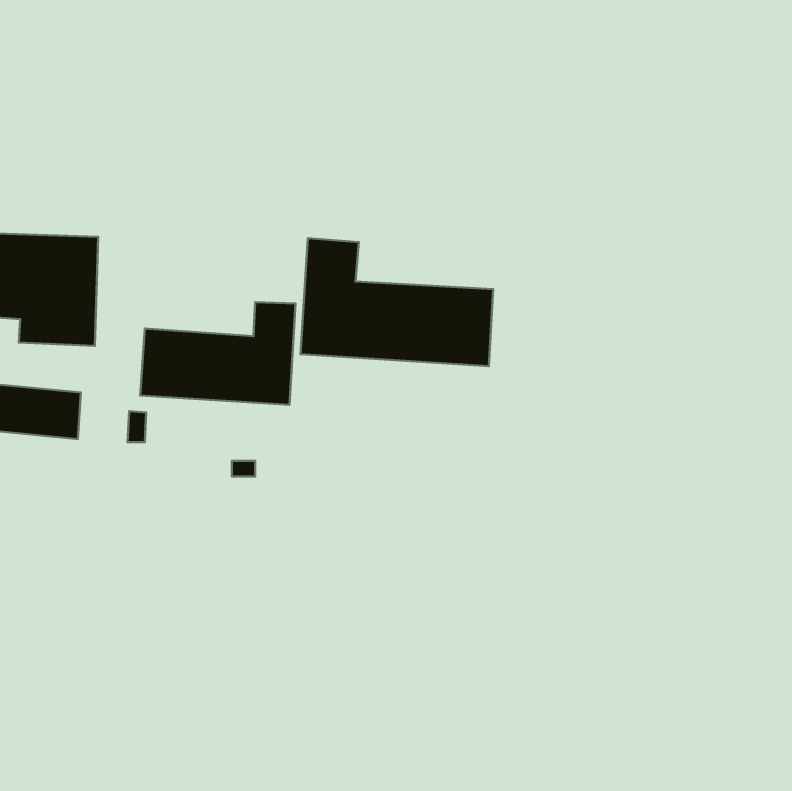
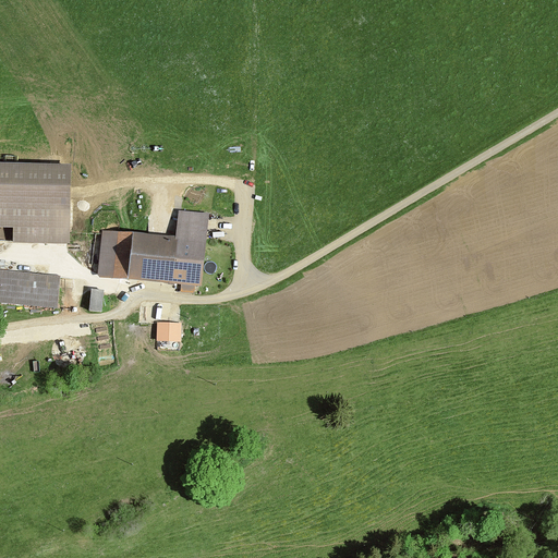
building: [300,238,493,366] -> none

